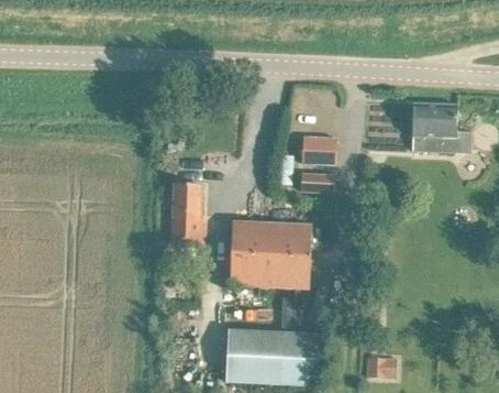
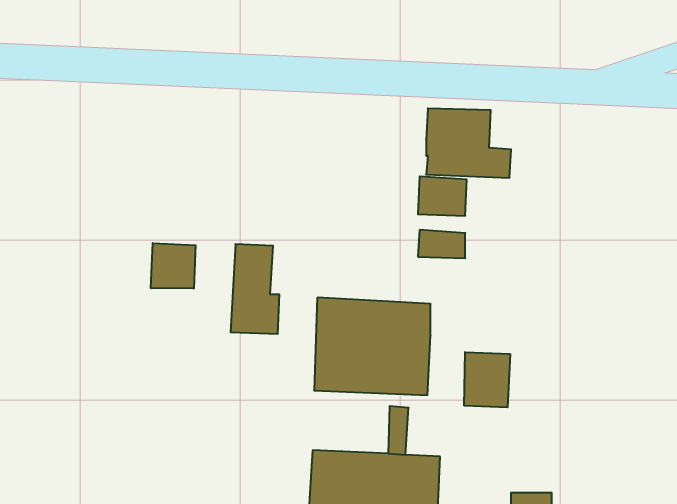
building: [412,102,472,151] -> [426,108,511,178]
building: none -> [151,243,196,289]
building: none -> [464,352,510,407]

